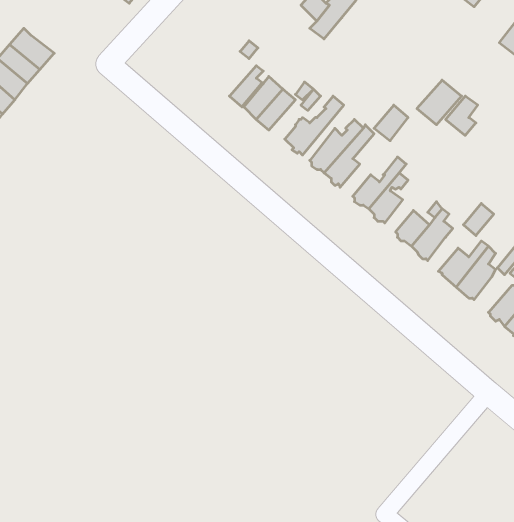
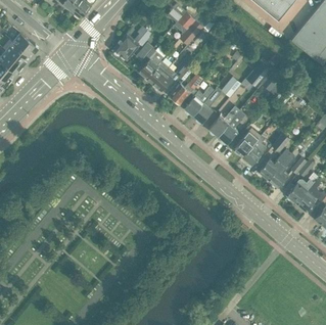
building: none -> [113,26,151,60]

